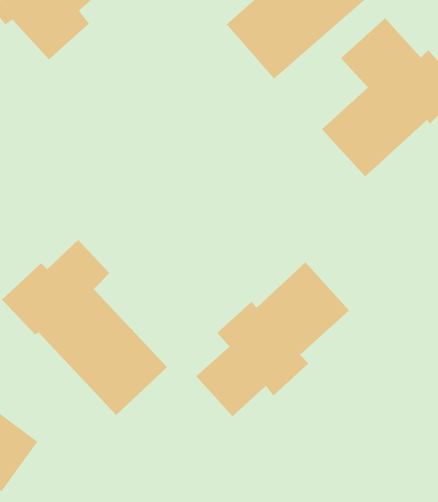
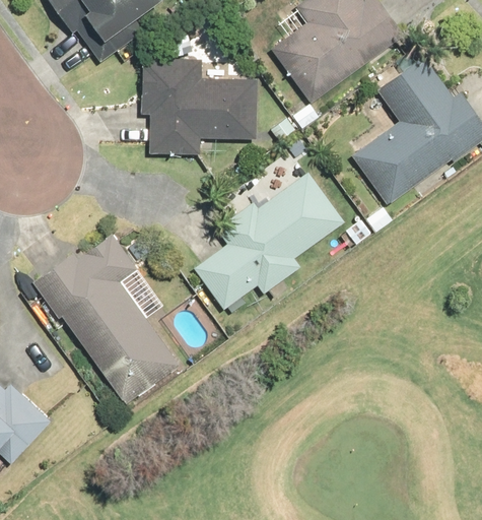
building: none -> [141,58,257,155]
building: [196,262,350,417] -> [192,171,344,310]

